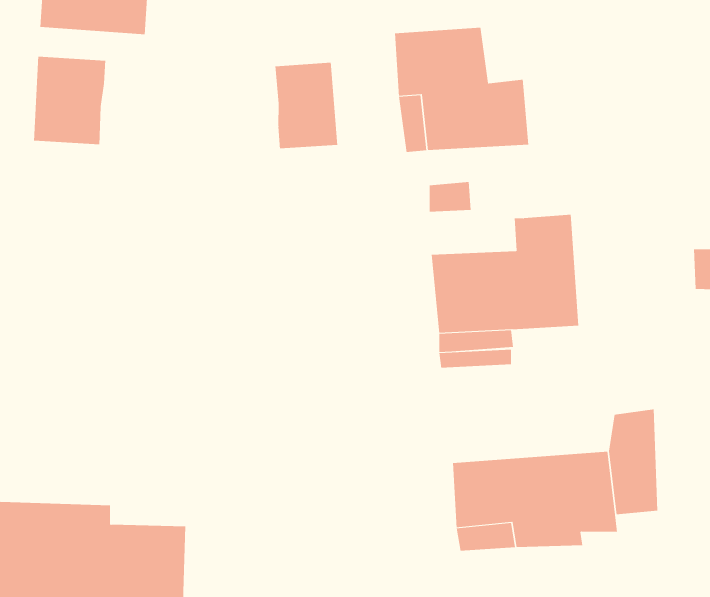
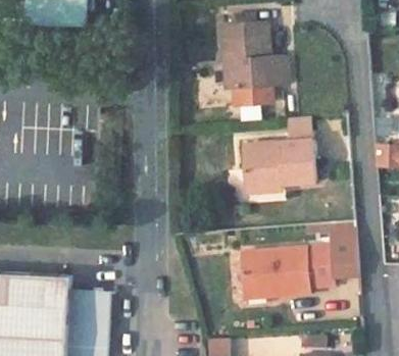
building: [34,56,106,145] -> none
building: [275,62,338,149] -> none

